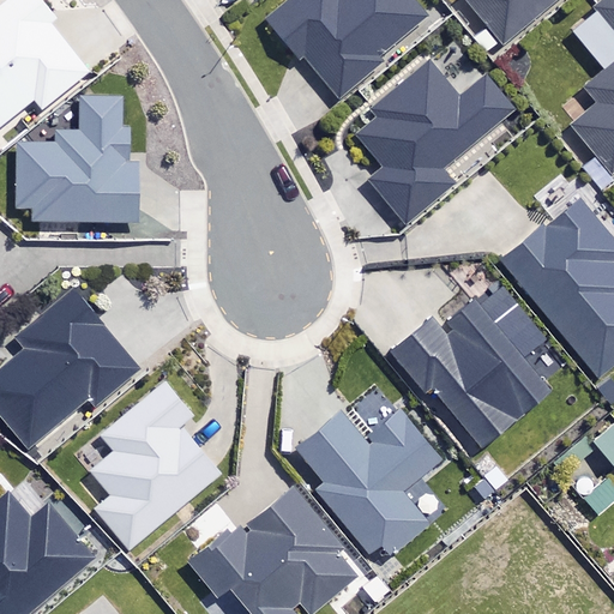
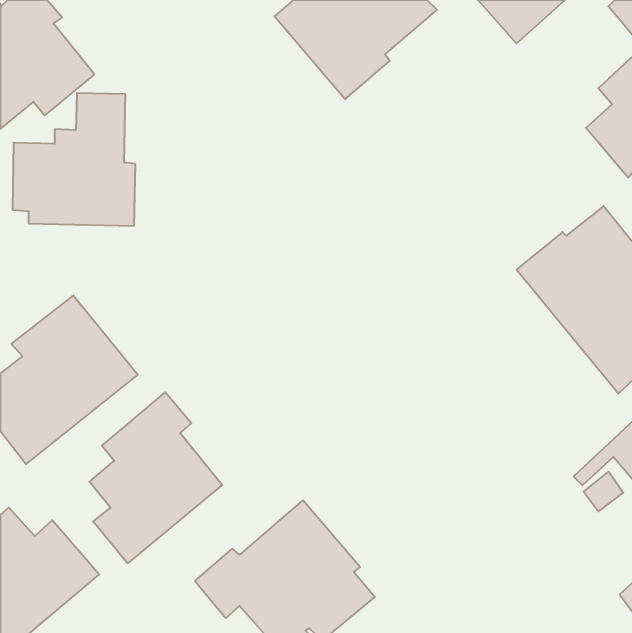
building: [354,58,510,222] -> none
building: [392,288,553,449] -> none
building: [300,408,443,552] -> none

